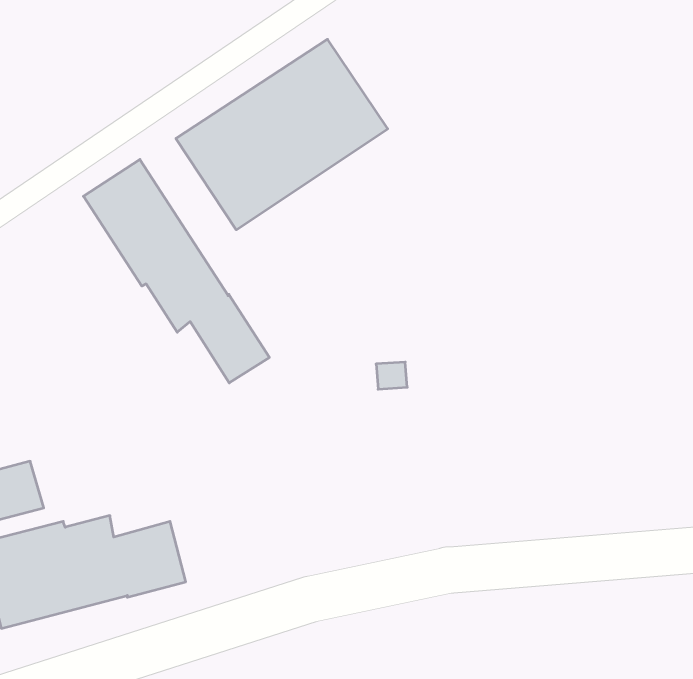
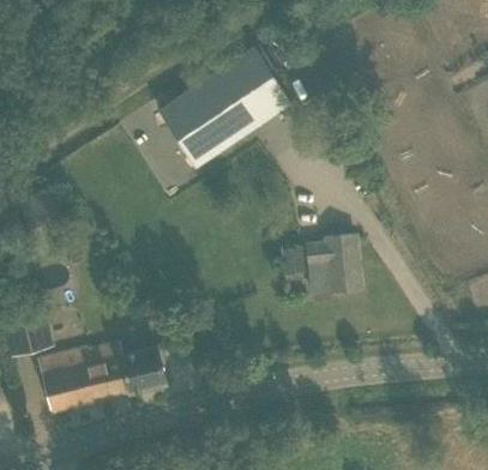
building: [83,159,269,383] -> none
building: none -> [306,233,360,293]

